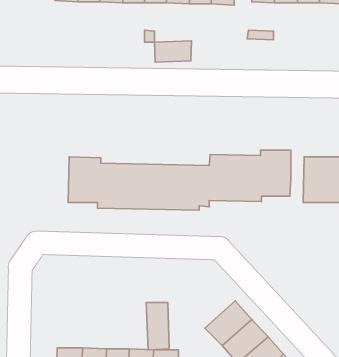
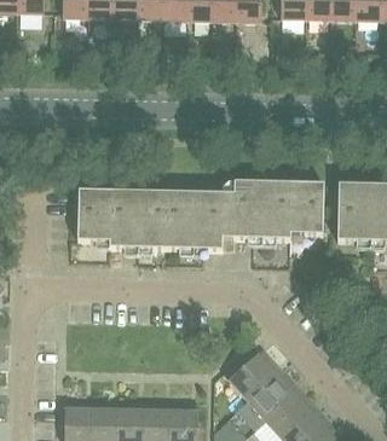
building: [154,41,191,62] -> none
building: [146,302,169,350] -> none

